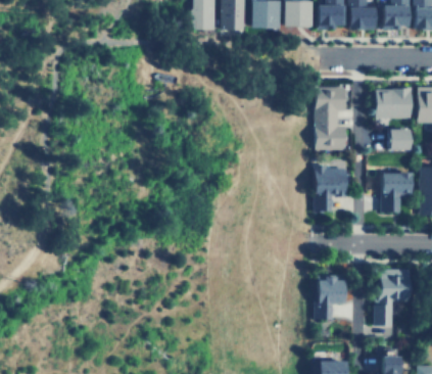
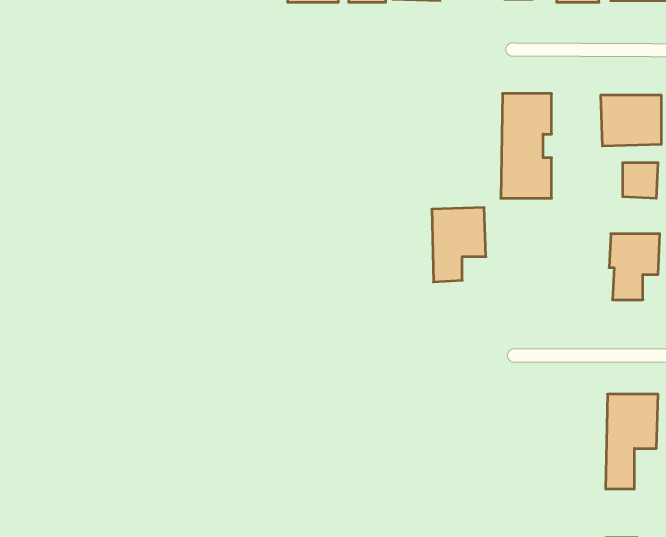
building: [316,166,348,211] -> [432,208,486,282]
building: [317,276,345,319] -> none

